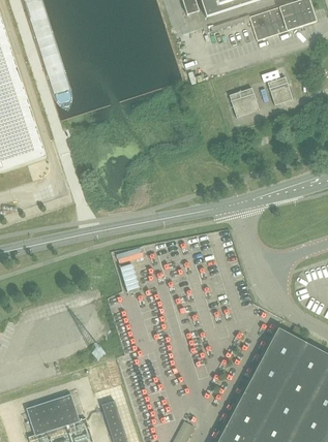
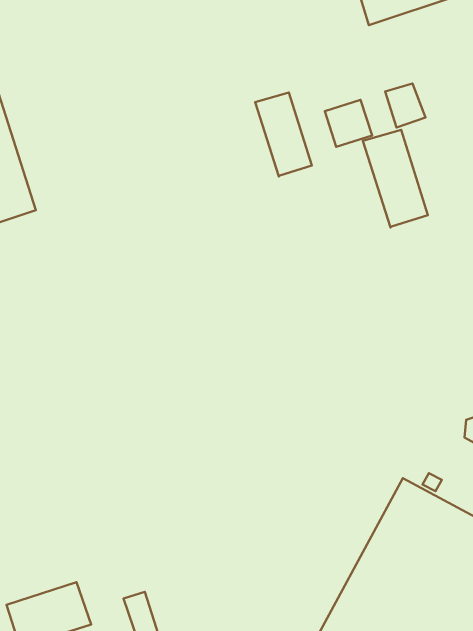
building: none -> [255,93,312,176]
building: none -> [363,130,428,228]

